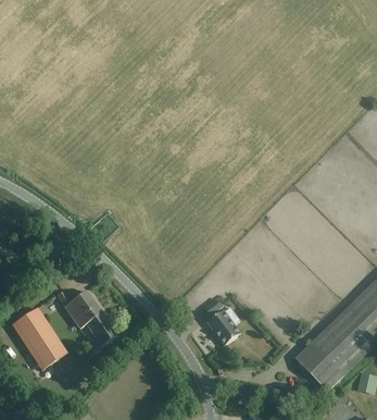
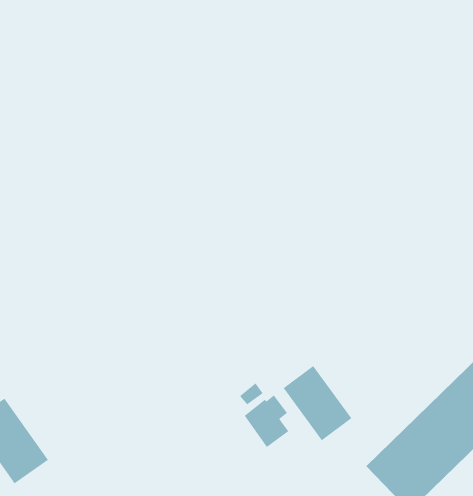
building: none -> [283,365,352,441]
building: [56,291,116,346] -> none

